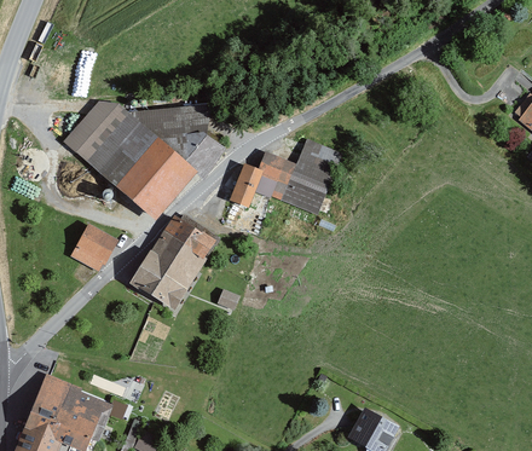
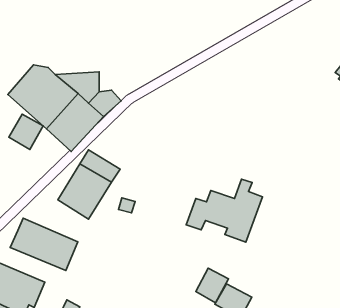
building: [231,139,336,226] -> [186,179,263,242]
building: [69,226,116,274] -> [9,114,43,149]
building: none -> [10,218,78,271]
building: none -> [196,268,229,303]

